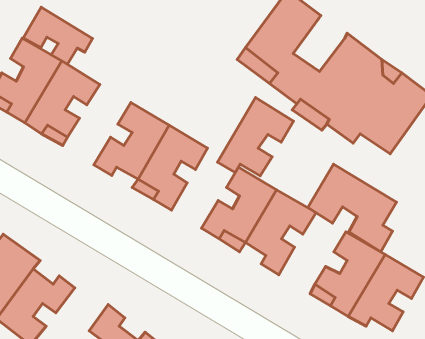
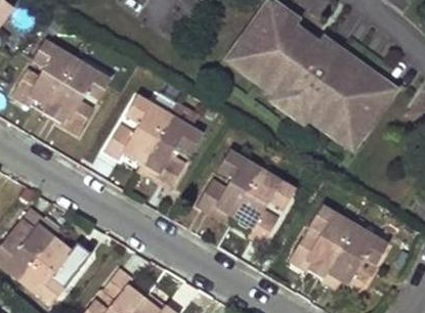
building: [23,7,93,64] -> none
building: none -> [277,24,321,69]
building: [217,98,294,176] -> none
building: [308,164,397,252] -> none

